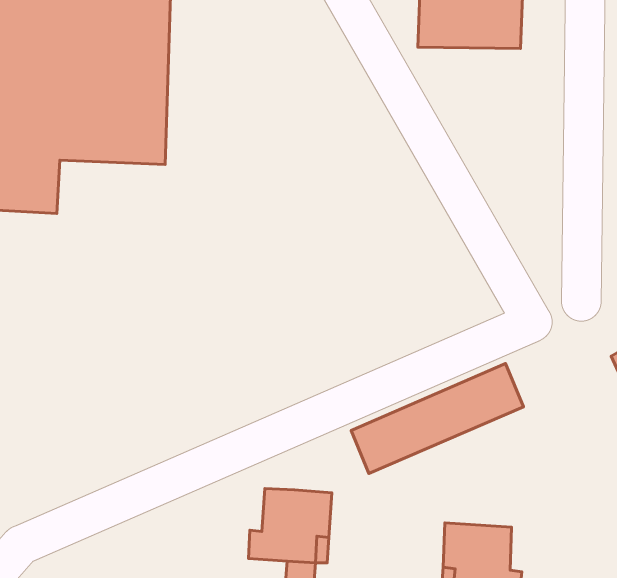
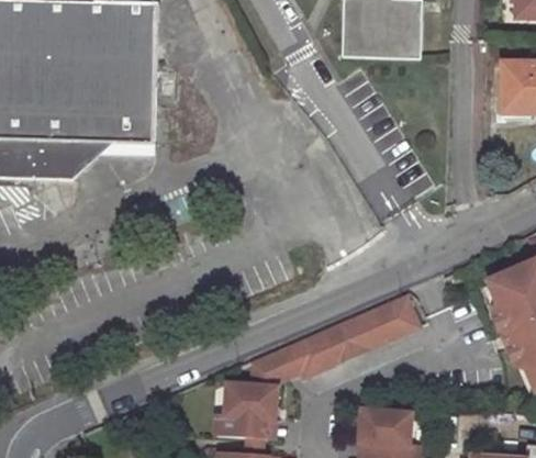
building: none -> [252,340,304,387]

